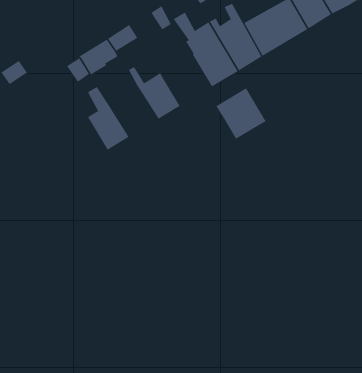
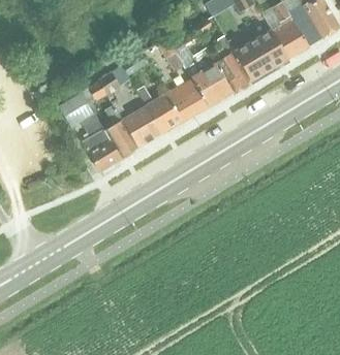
building: none -> [59,93,121,171]
building: none -> [122,105,163,148]
building: [216,88,266,140] -> [165,78,208,122]

